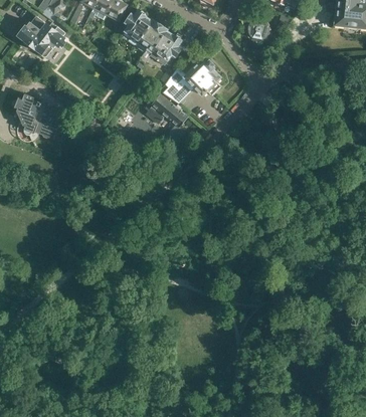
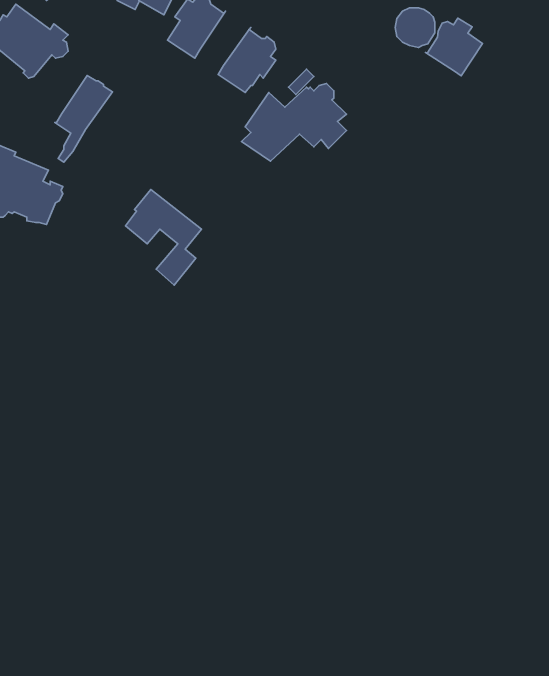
building: [135,19,167,67] -> [55,75,112,162]
building: none -> [426,18,482,76]
building: [146,92,188,146] -> [126,190,201,285]

